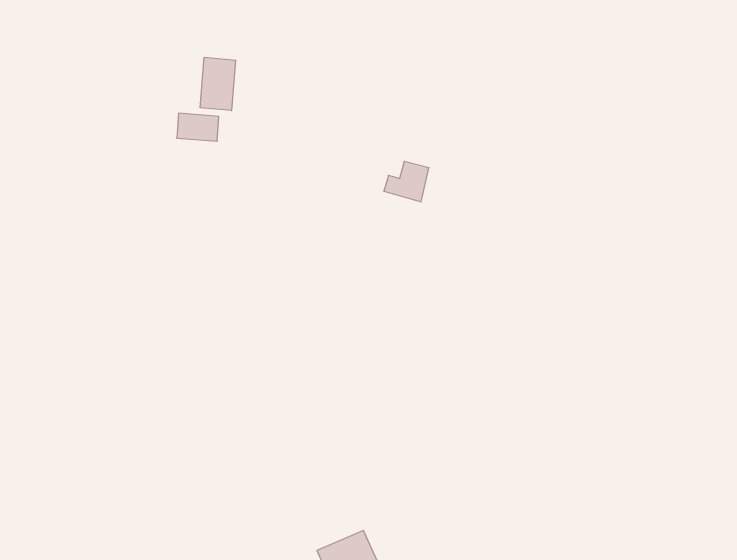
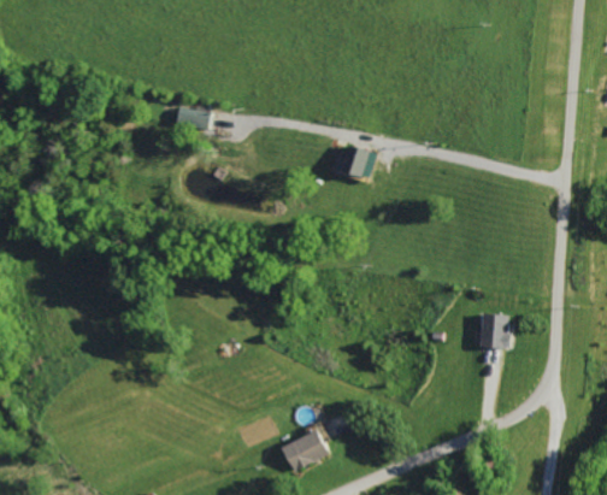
building: [200,57,235,111] -> none
building: none -> [481,313,508,347]

